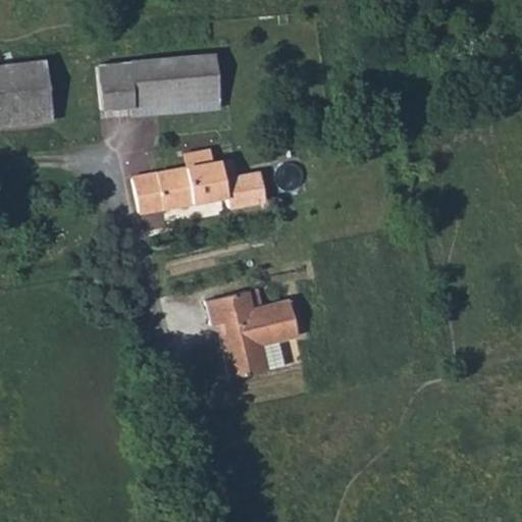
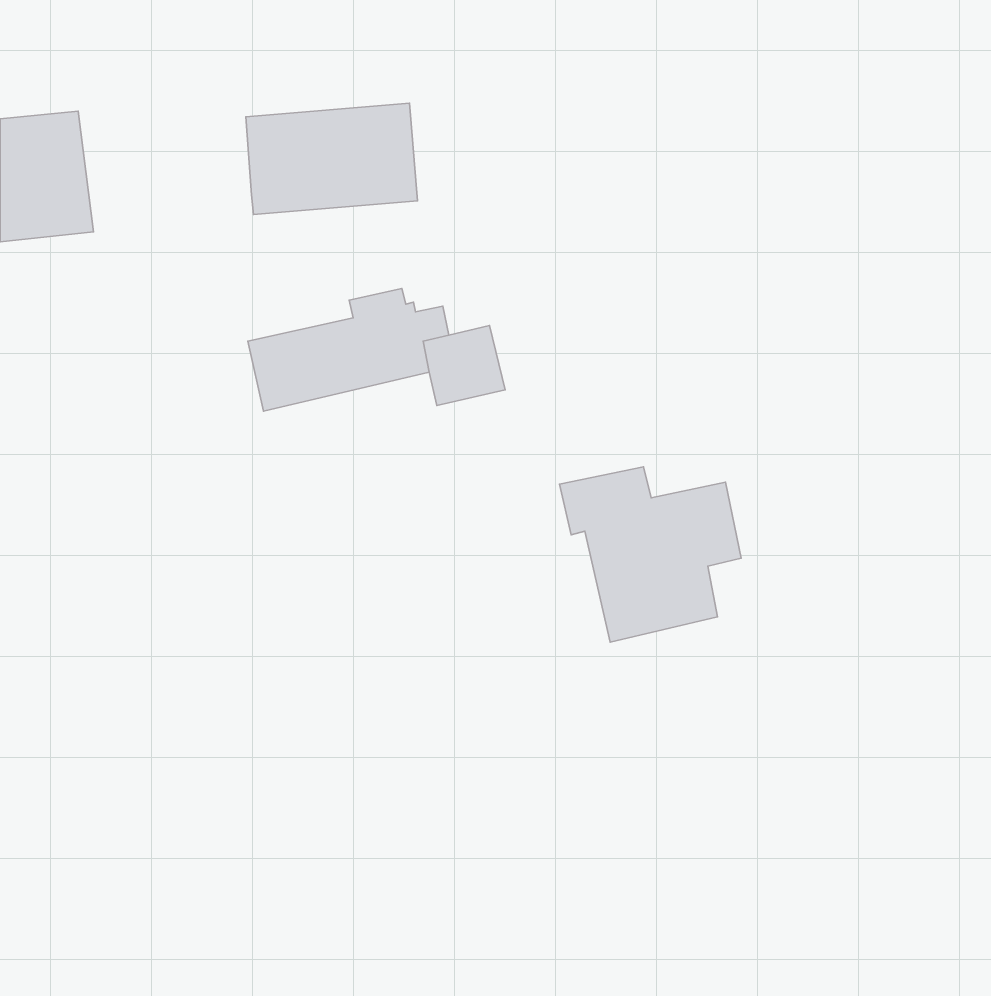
building: [100,61,135,104] -> none
building: [205,290,300,381] -> [560,467,741,642]

